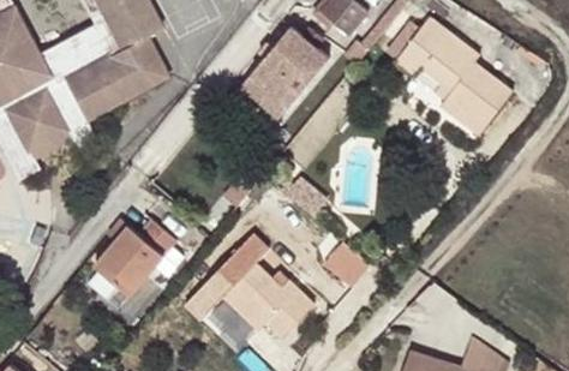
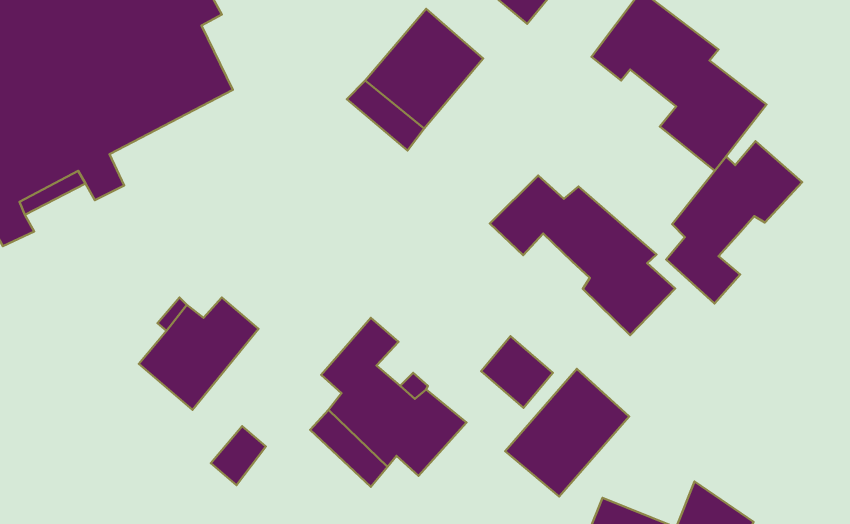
building: none -> [666,141,802,304]
building: none -> [490,175,675,335]
building: none -> [505,369,629,496]

